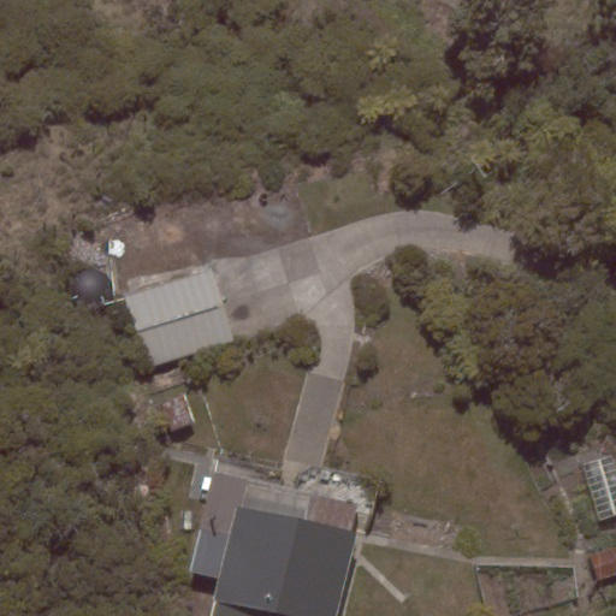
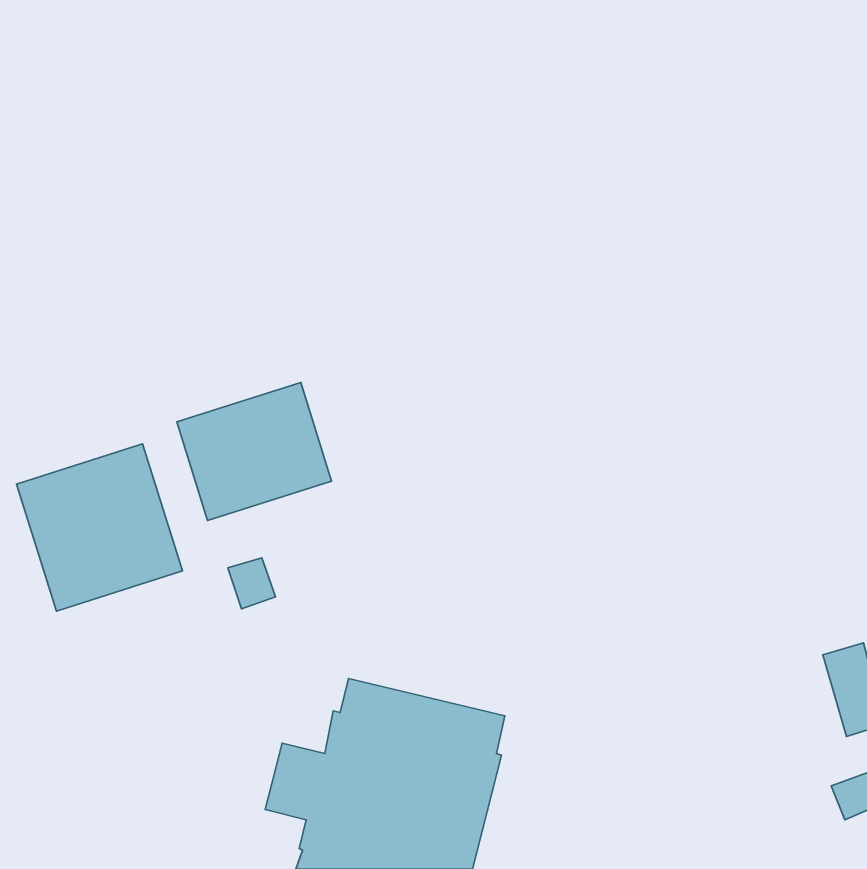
building: none -> [16,444,183,611]

